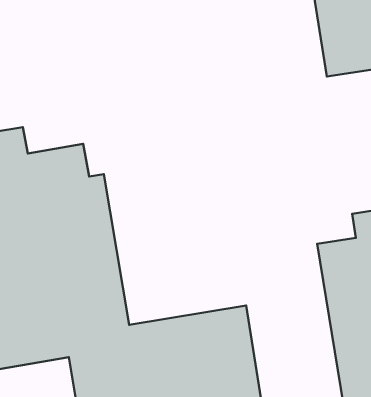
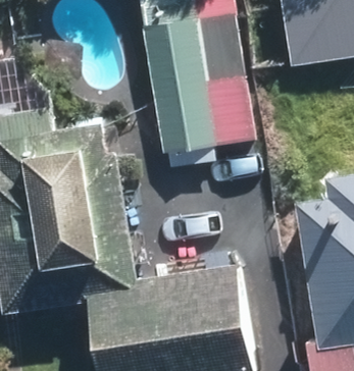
building: none -> [141,16,217,151]

